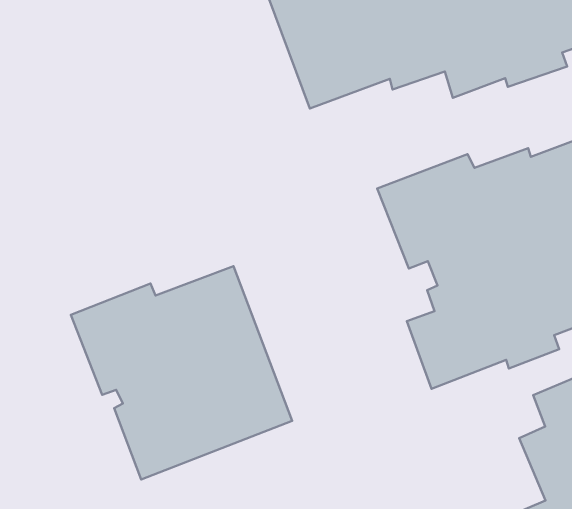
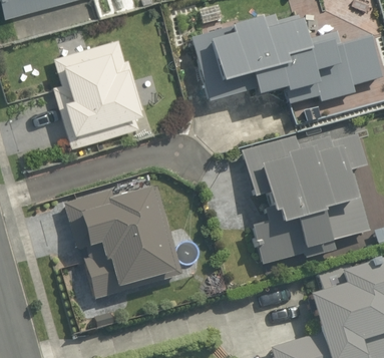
building: none -> [53,37,142,143]

